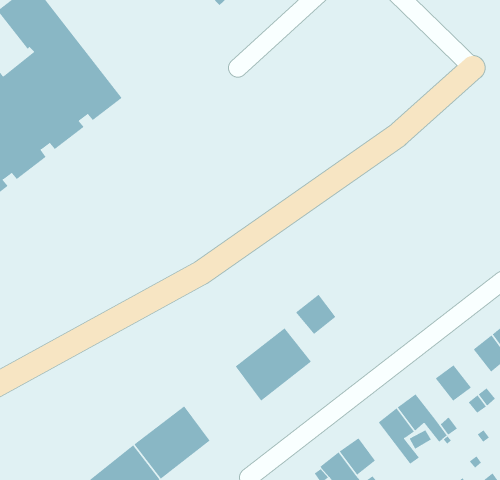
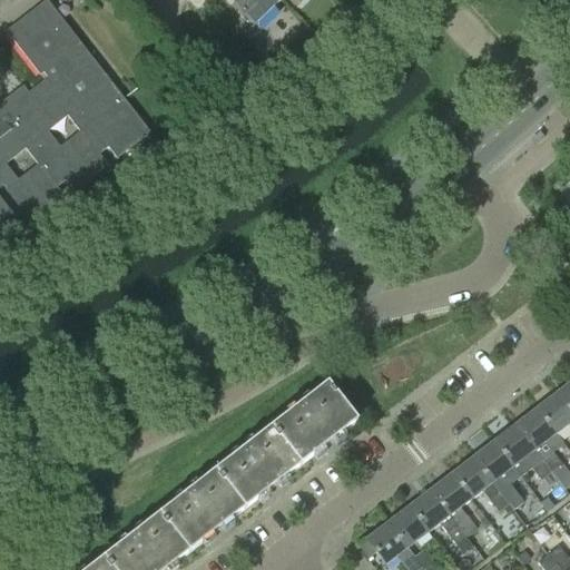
building: [295,294,336,335] -> none
building: none -> [514,406,556,449]
building: none -> [215,425,299,508]
building: none -> [472,439,513,481]
building: none -> [409,488,465,543]

